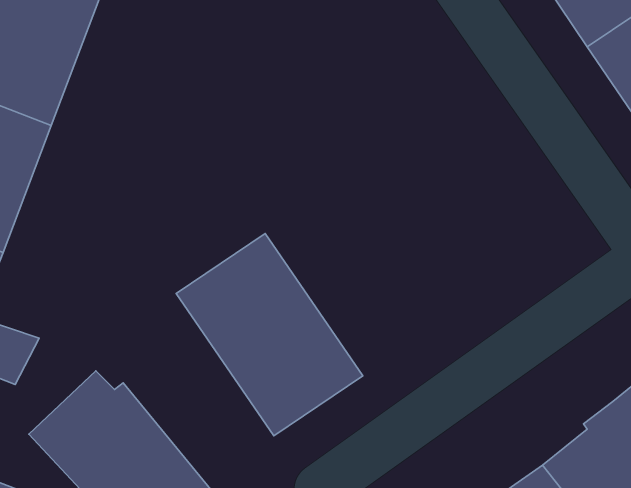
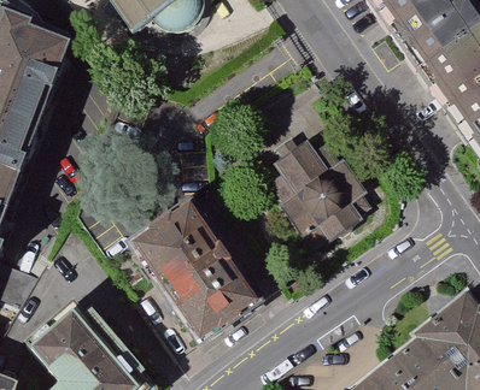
building: none -> [270,140,377,252]

